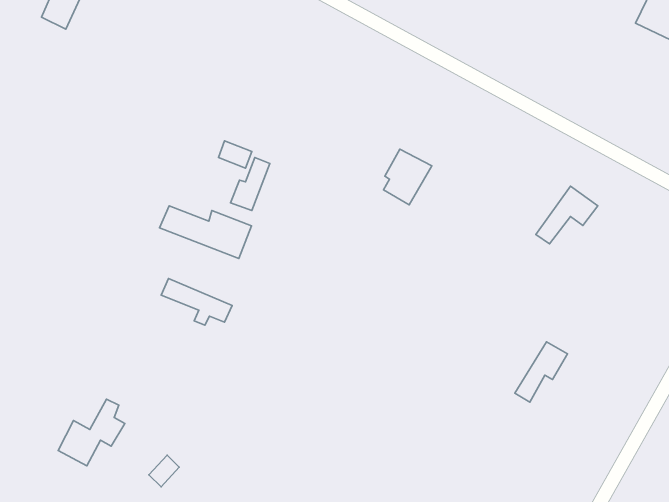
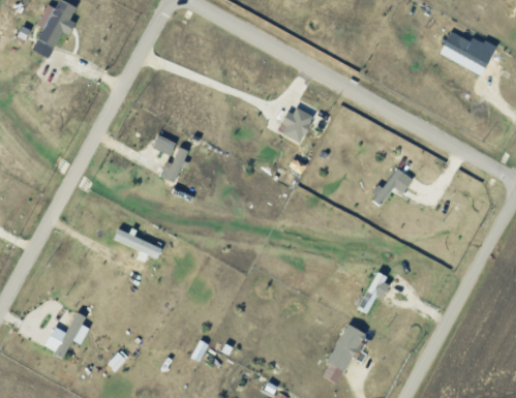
building: [383,149,432,205] -> [282,104,315,143]
building: [159,206,251,259] -> none
building: none -> [330,324,364,370]

